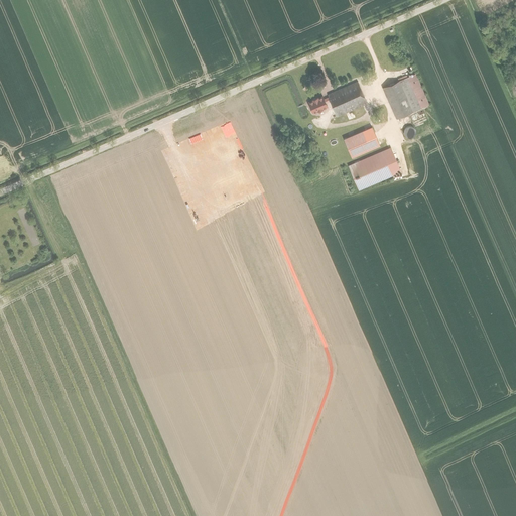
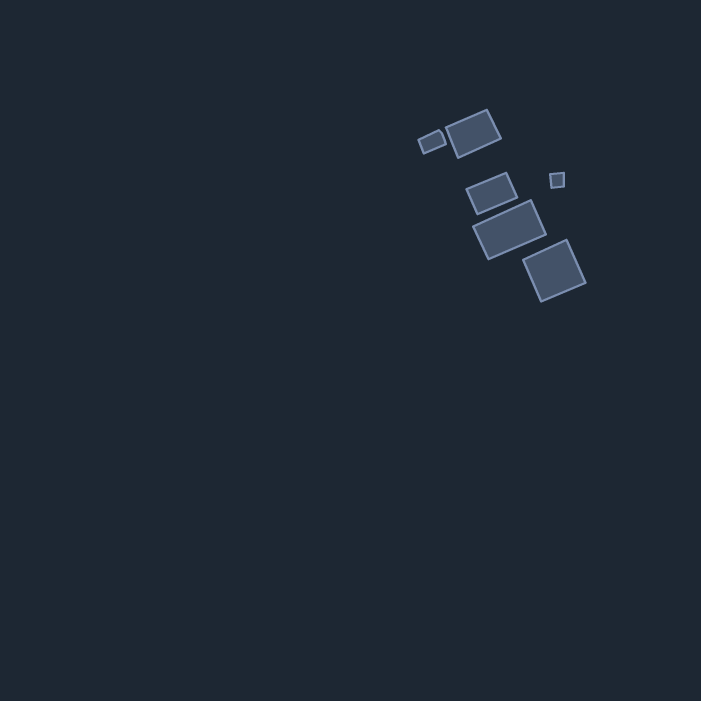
building: [383,74,428,118] -> none
building: none -> [523,240,586,302]

